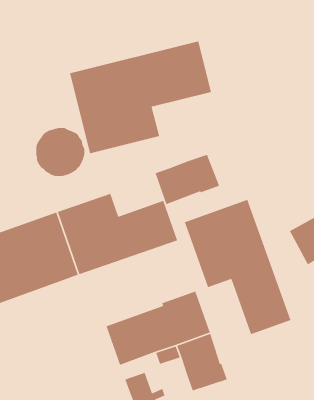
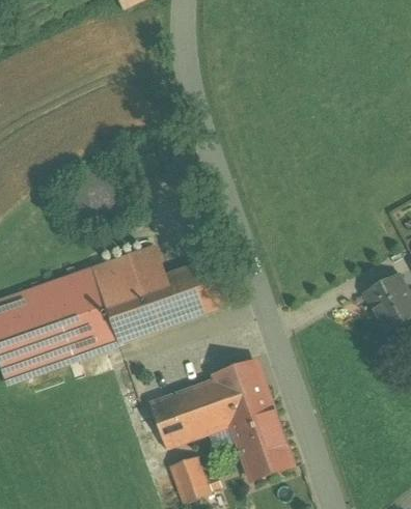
building: [69,41,212,154] -> none
building: [154,154,220,205] -> none
building: [184,199,292,335] -> none

